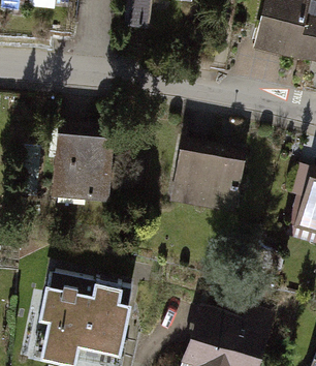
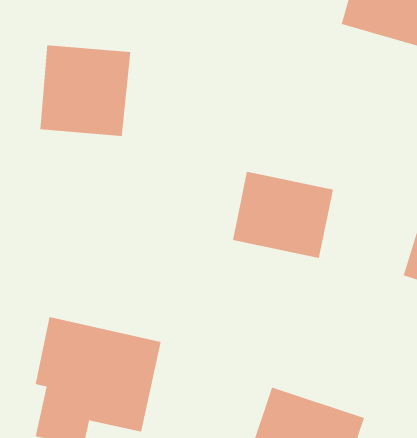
building: [54,133,121,201] -> [39,45,131,137]

